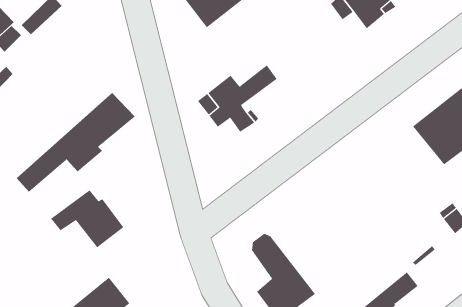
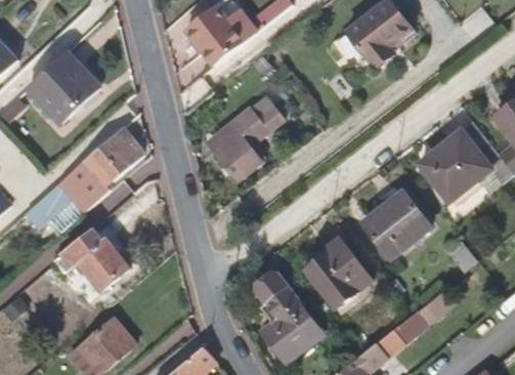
building: none -> [20,56,93,130]
building: none -> [362,192,430,258]
building: none -> [306,239,373,309]

